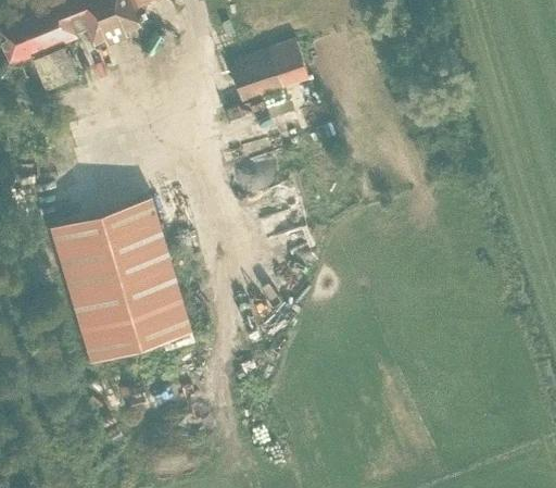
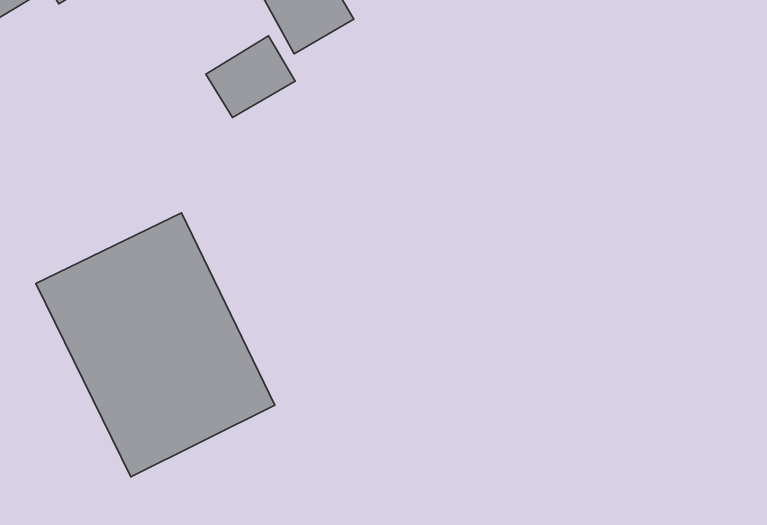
building: none -> [206,36,295,118]

